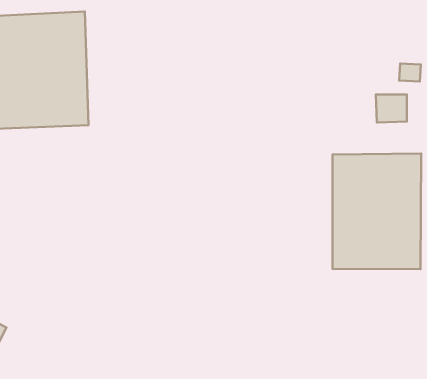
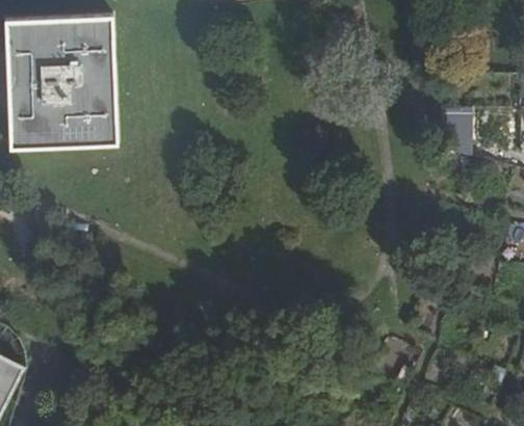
building: [332,153,421,269] -> none

